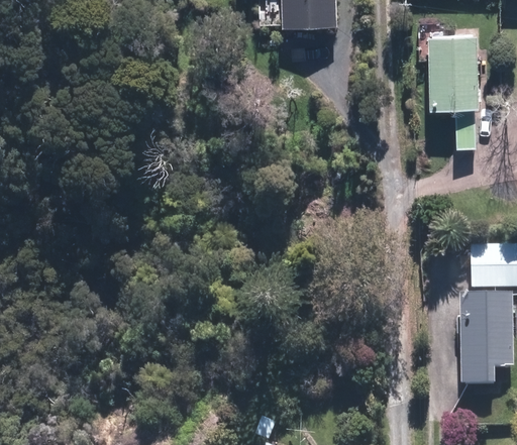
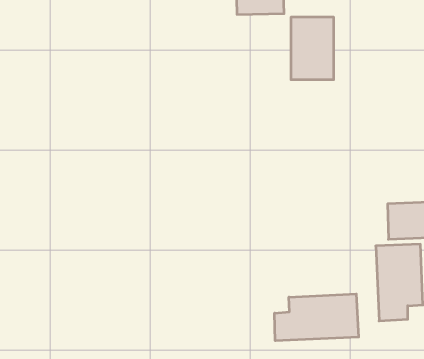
building: [425,37,477,112] -> [291,17,334,80]
building: none -> [275,294,359,341]

